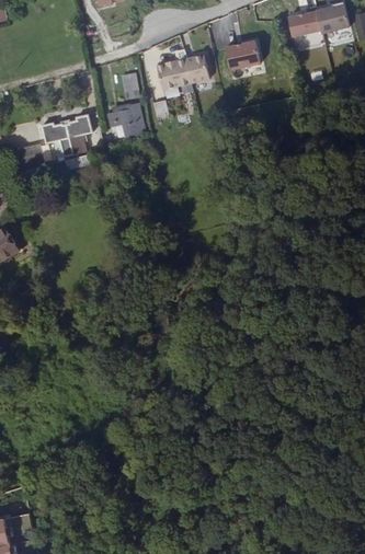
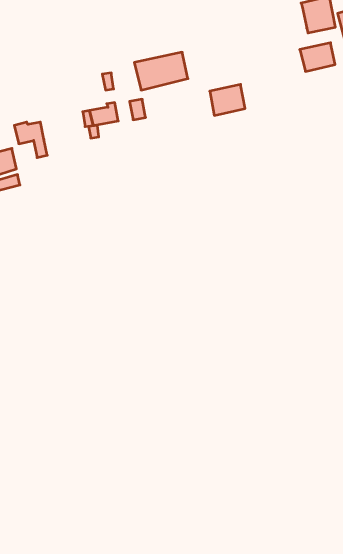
building: [288,11,322,38] -> [300,43,335,71]
building: [225,41,259,70] -> [210,84,245,115]
building: [67,114,93,138] -> none

